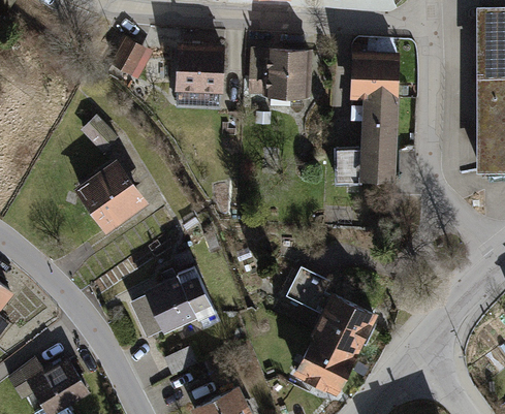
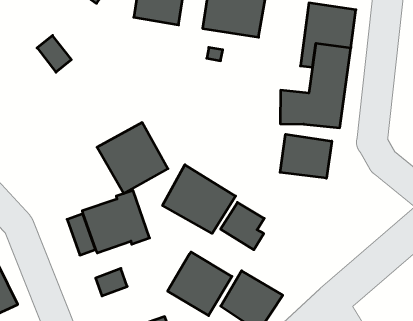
building: [72,159,147,233] -> [97,123,168,194]
building: none -> [280,134,332,178]
building: none -> [163,165,236,233]
building: [312,294,376,357] -> [168,252,232,316]

